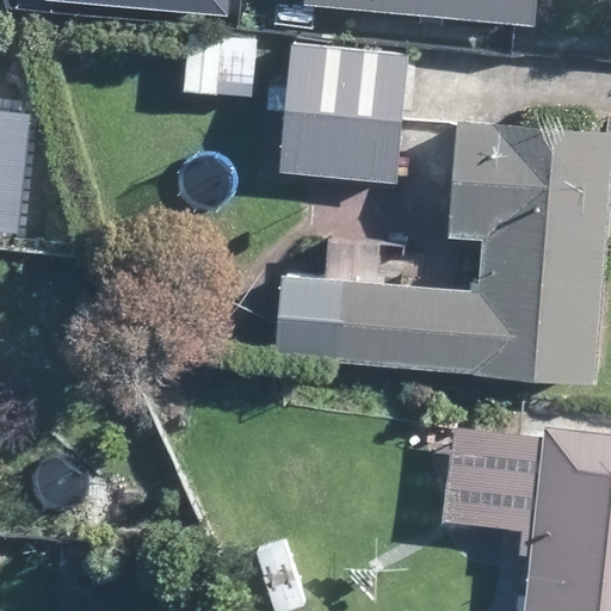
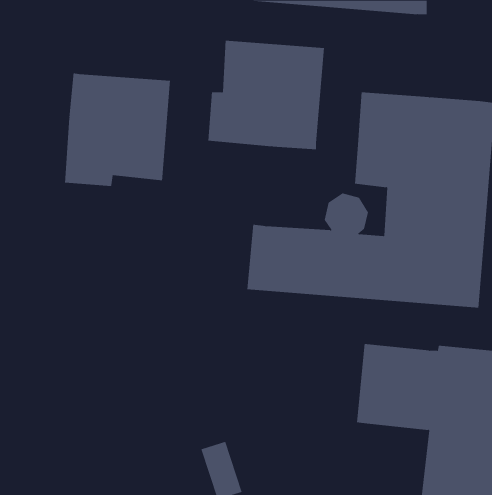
building: none -> [65,72,170,187]

